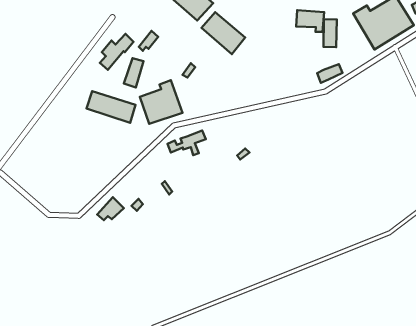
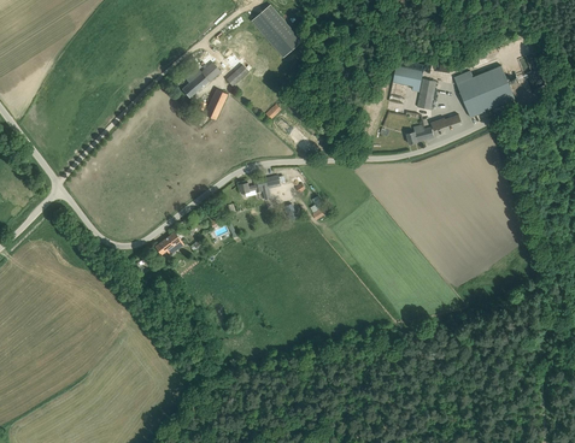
building: [202,12,245,54] -> none
building: [140,80,183,124] -> none
building: [87,91,135,123] -> none

